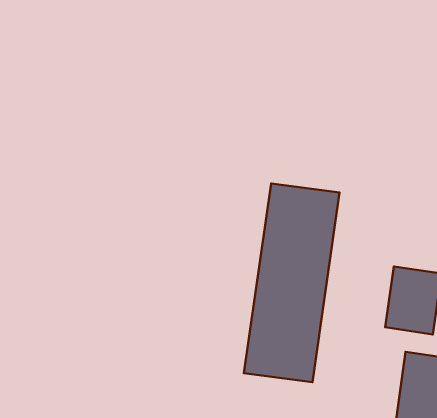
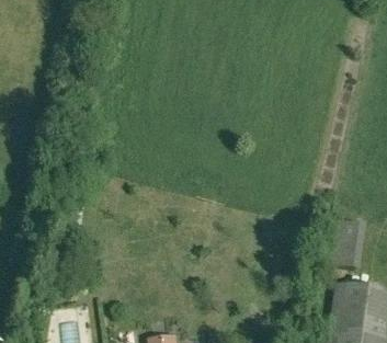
building: [244,183,339,382] -> none

